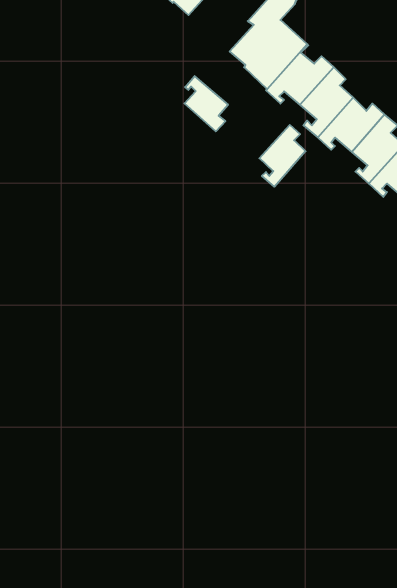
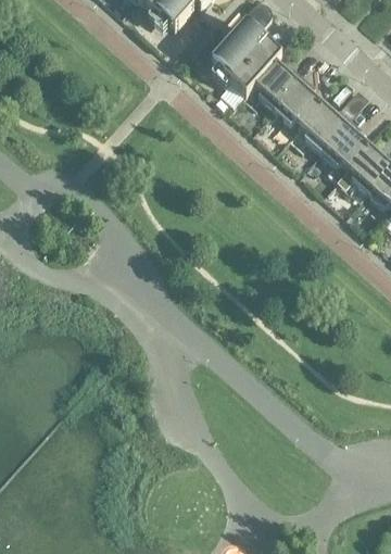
building: [184,76,228,131] -> none
building: [259,125,306,187] -> none

